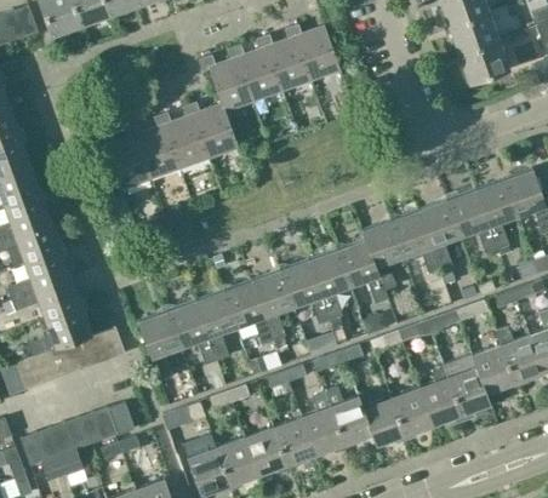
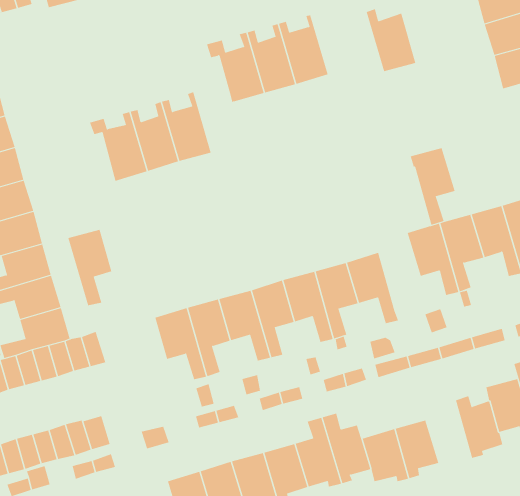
building: [291,23,339,80] -> [366,9,416,72]
building: [189,101,239,158] -> none
building: [361,219,405,291] -> [410,148,456,226]
building: [137,310,179,380] -> [68,229,112,306]
building: [418,368,462,427] -> none

